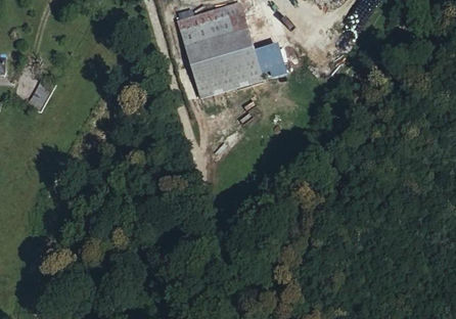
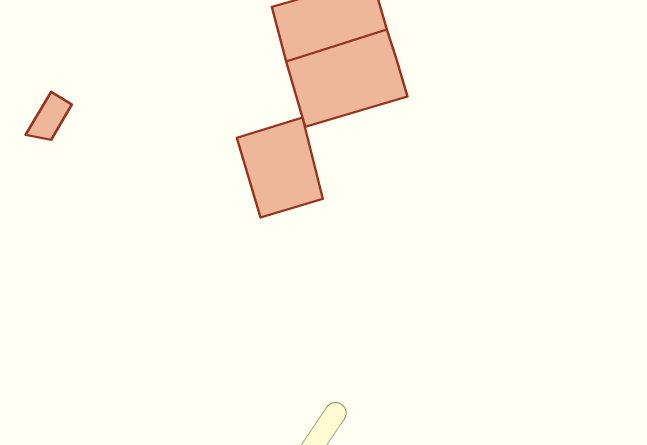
building: [257,47,287,79] -> none
building: none -> [237,117,323,217]

